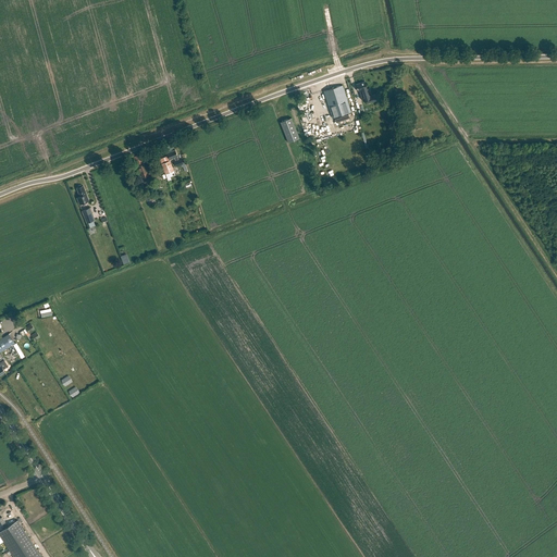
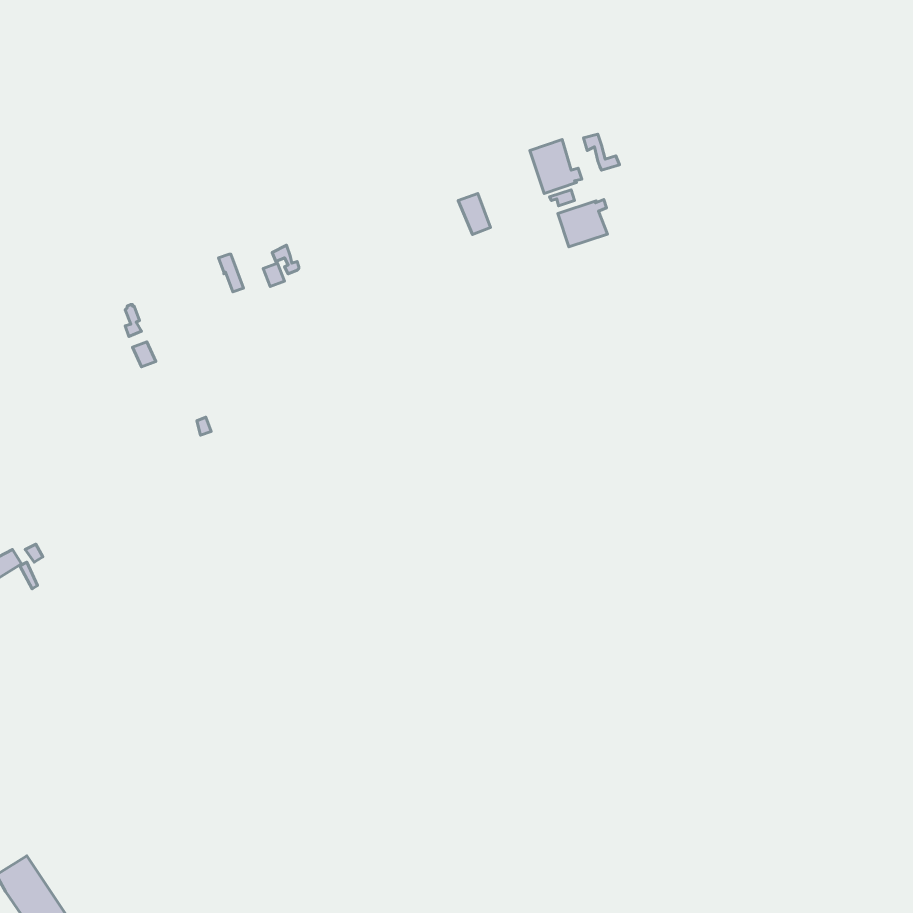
building: none -> [558,200,607,247]

